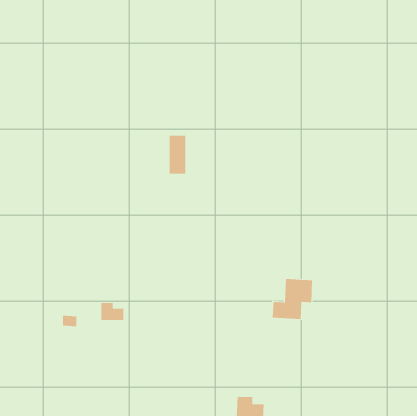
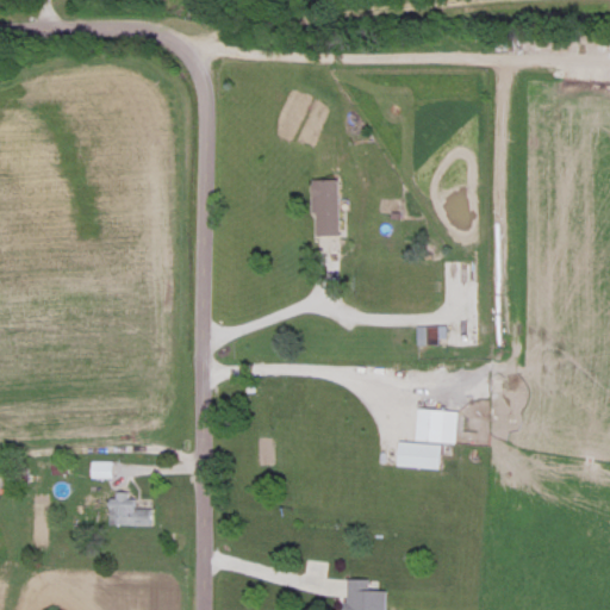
building: [169,135,186,174] -> [312,180,337,237]
building: [100,303,124,321] -> [116,500,150,527]

